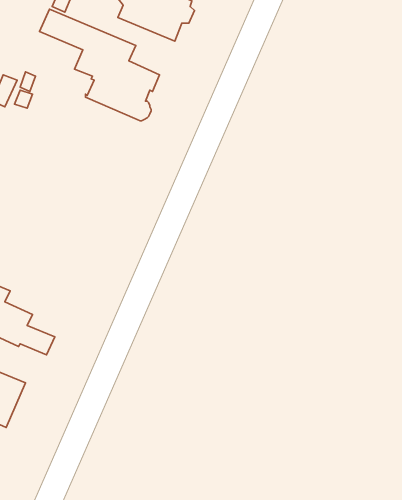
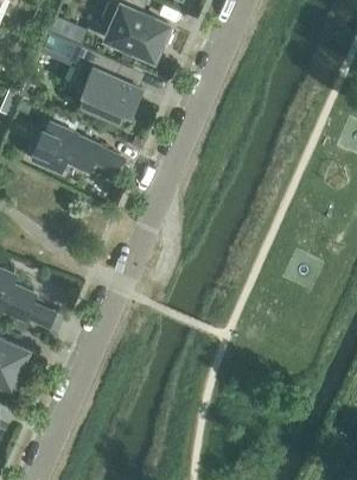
building: none -> [31,120,119,171]

